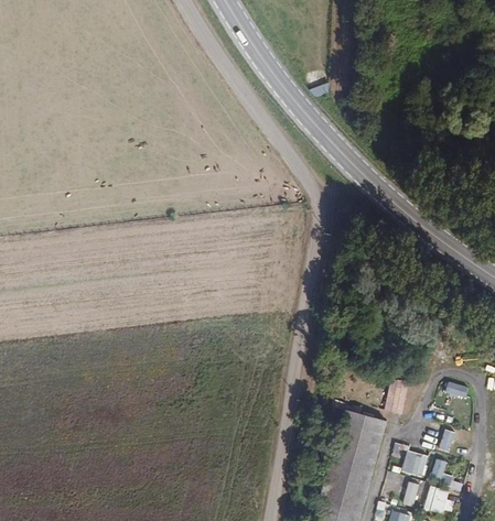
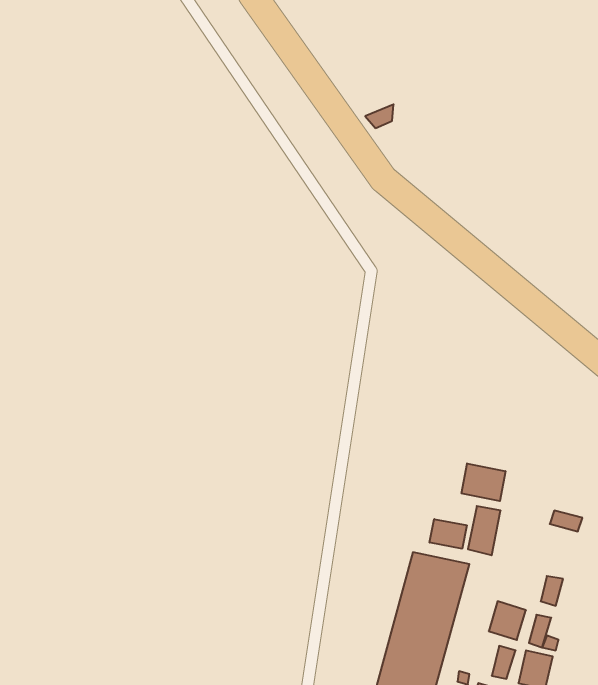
building: none -> [462,463,505,501]
building: none -> [430,519,467,549]

